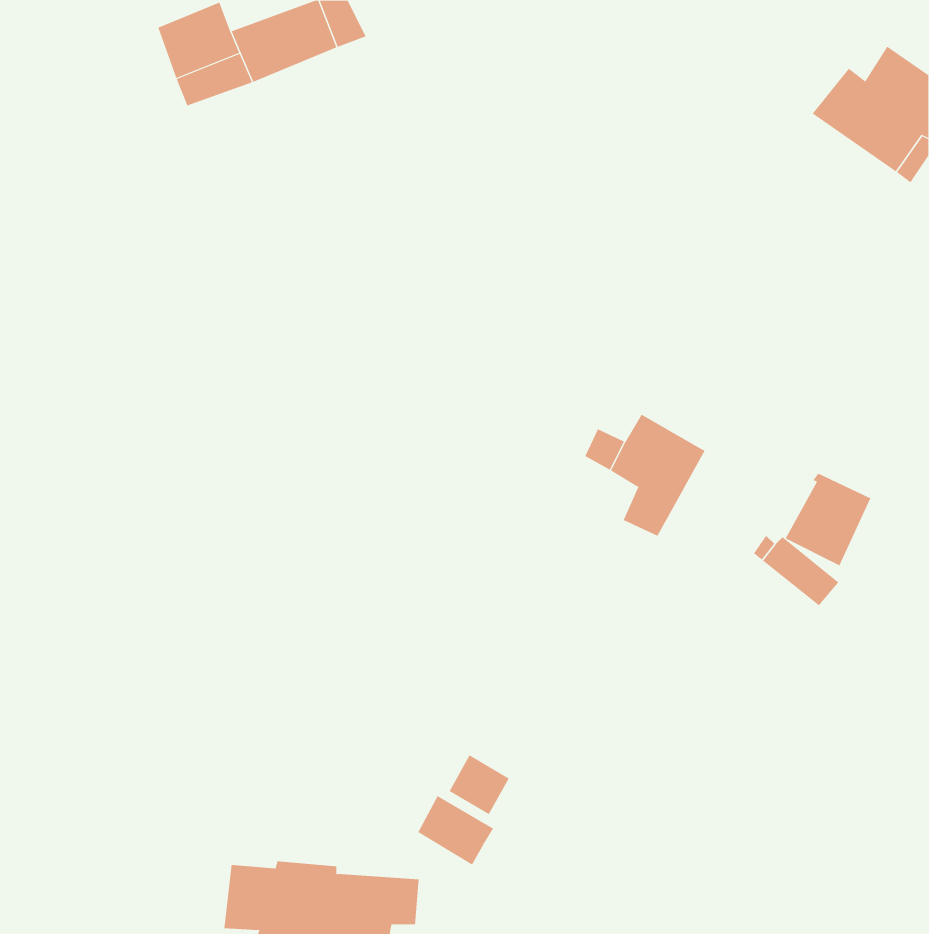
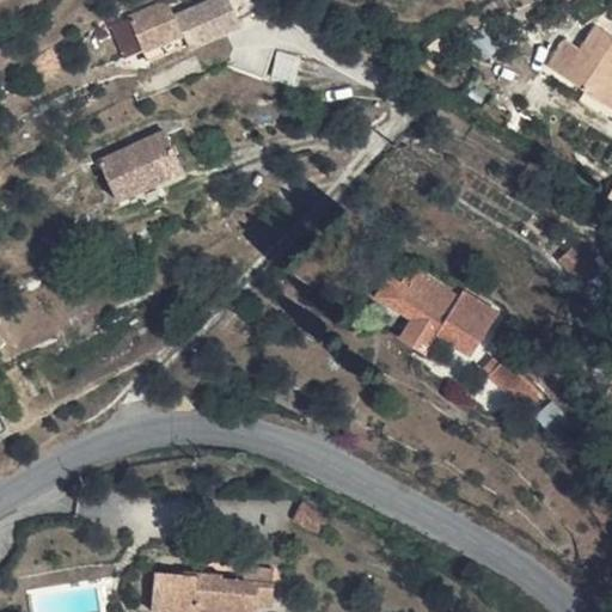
building: none -> [102,133,182,196]
building: [785,473,871,566] -> [440,289,496,350]
building: [418,795,494,865] -> none

